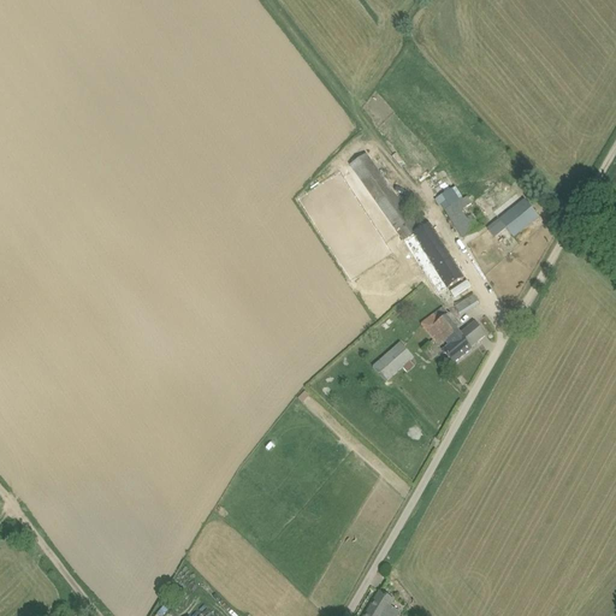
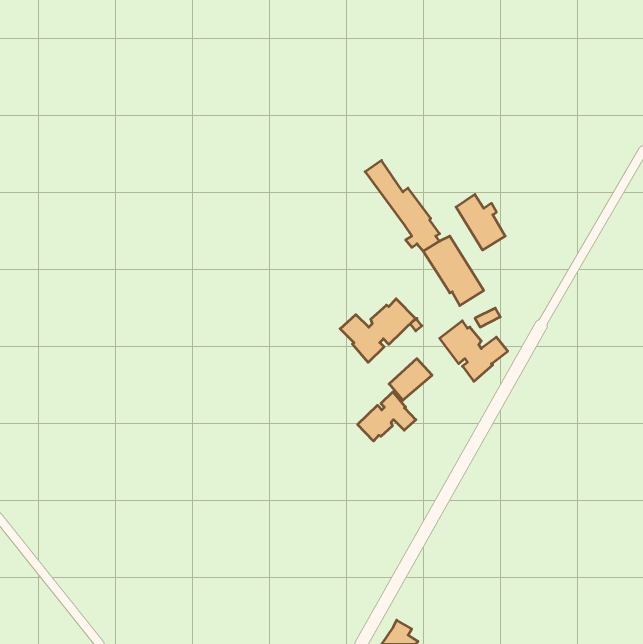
building: [484,197,537,245] -> none
building: none -> [340,299,415,362]
building: none -> [358,392,416,441]

